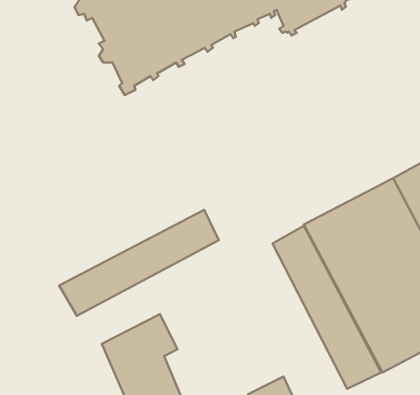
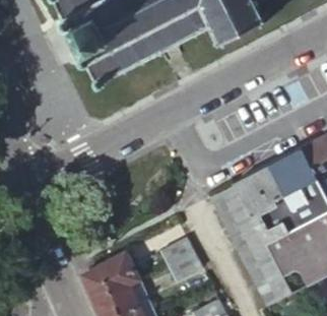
building: [59,210,219,316] -> none
building: none -> [160,237,202,279]

